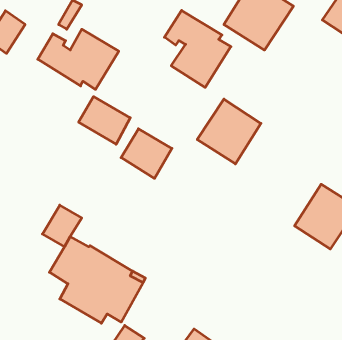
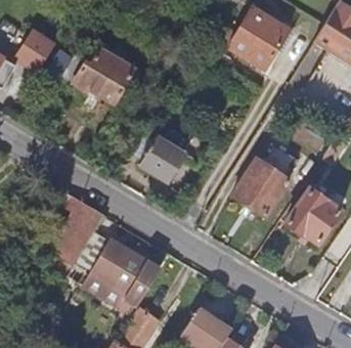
building: [164,10,231,87] -> none
building: [79,97,130,144] -> none
building: [197,99,261,164] -> [231,157,288,214]

